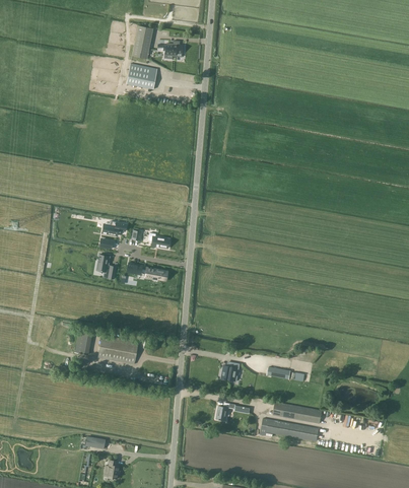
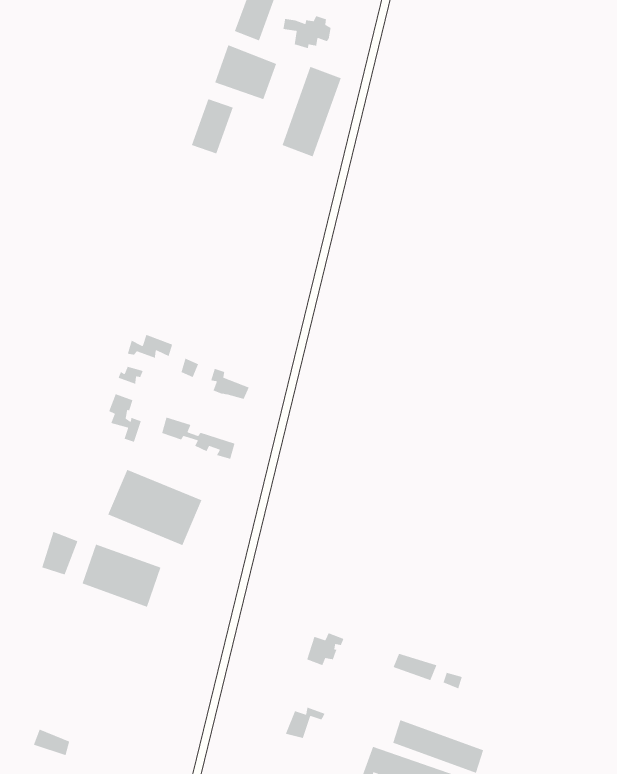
building: none -> [282,66,342,158]
building: none -> [191,98,234,154]
building: none -> [107,469,202,546]

